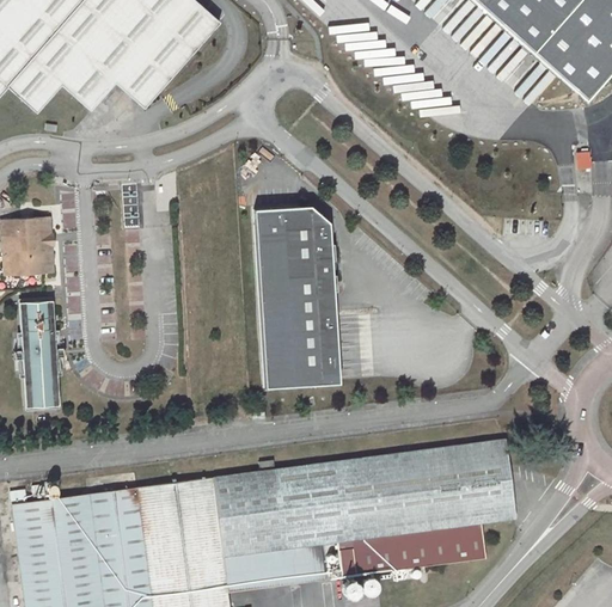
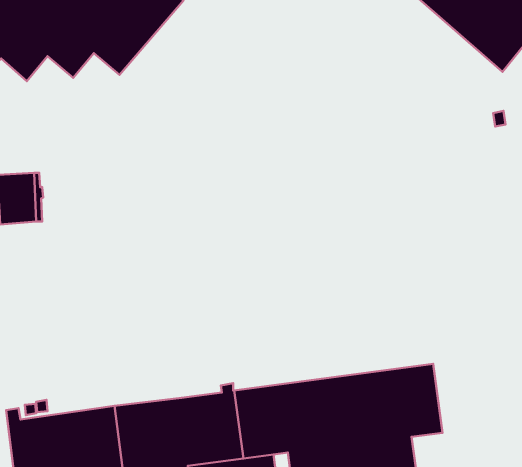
building: [246,215,329,397] -> none
building: [24,300,57,407] -> none

